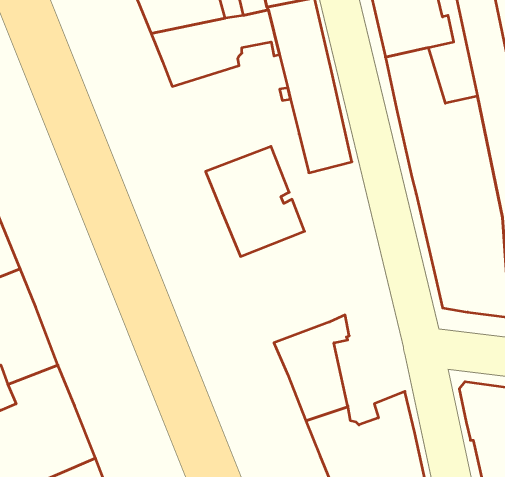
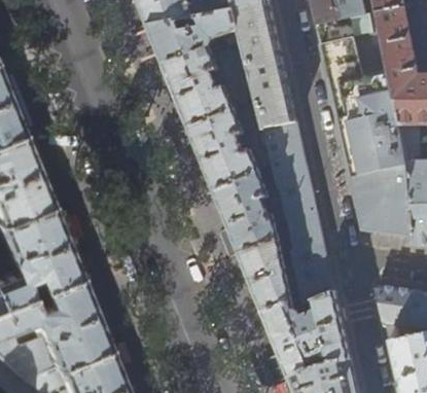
building: none -> [163,49,236,128]
building: none -> [263,120,334,302]
building: none -> [213,172,279,254]

